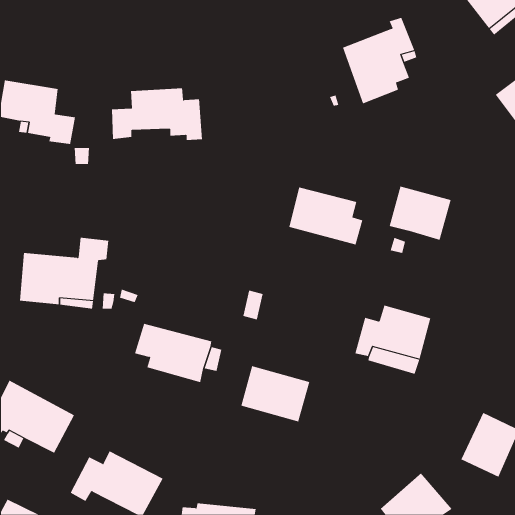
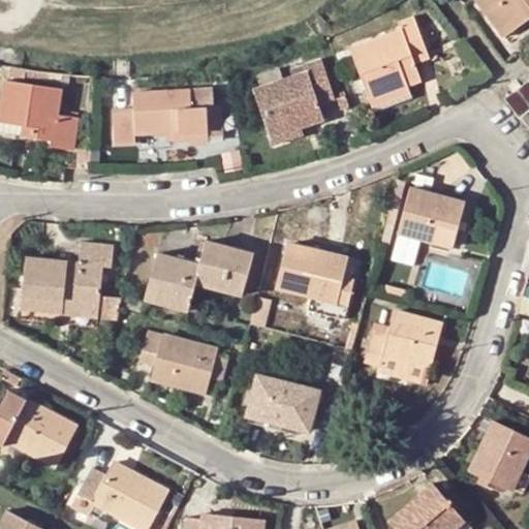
building: none -> [253,59,334,144]
building: [288,187,363,245] -> [277,244,353,304]
building: none -> [146,242,253,310]

